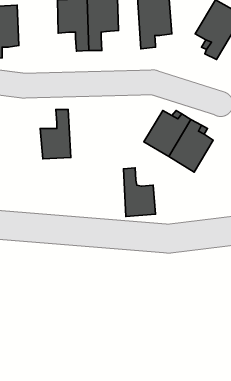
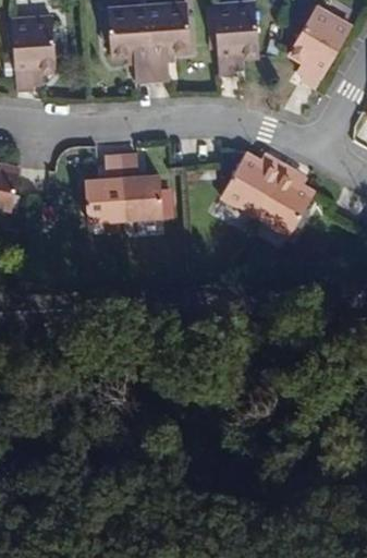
building: [124,168,156,216] -> [122,154,164,218]

